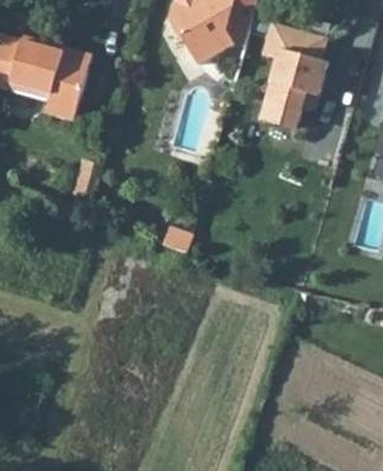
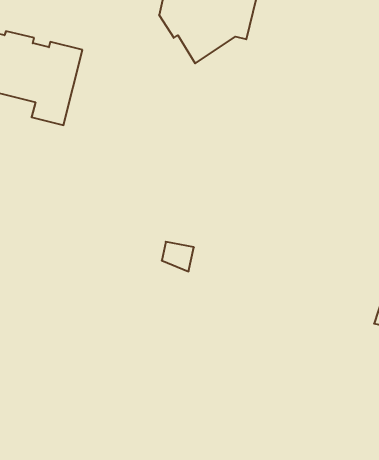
building: [260,22,324,128] -> none

